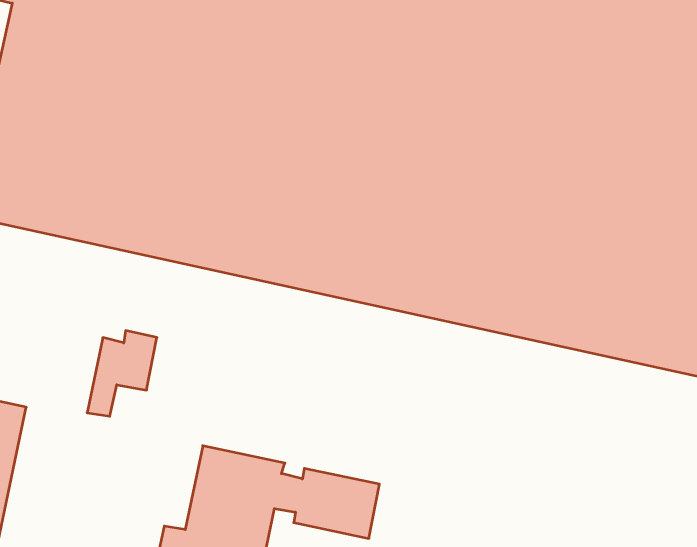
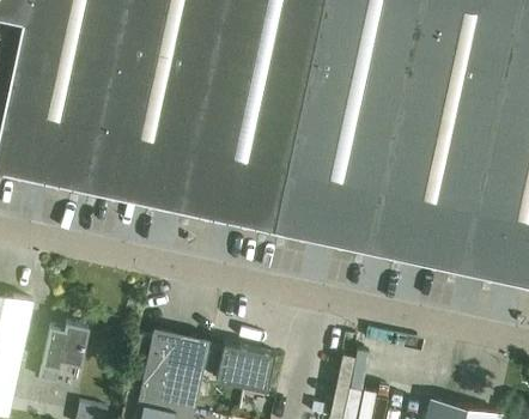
building: [87,331,157,416] -> [39,324,87,383]

